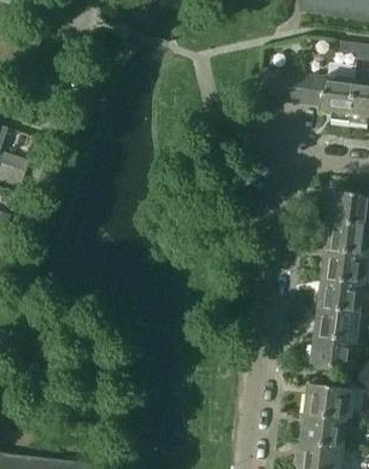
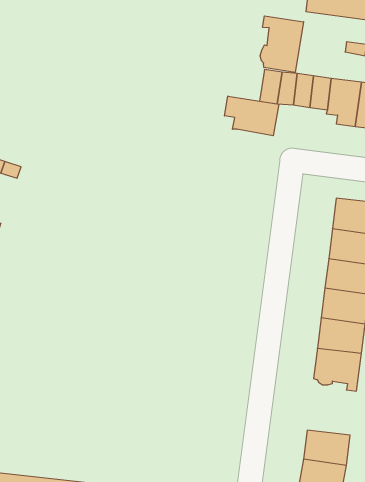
building: none -> [260,16,304,72]
building: none -> [225,96,279,136]
building: [304,383,348,417] -> none

